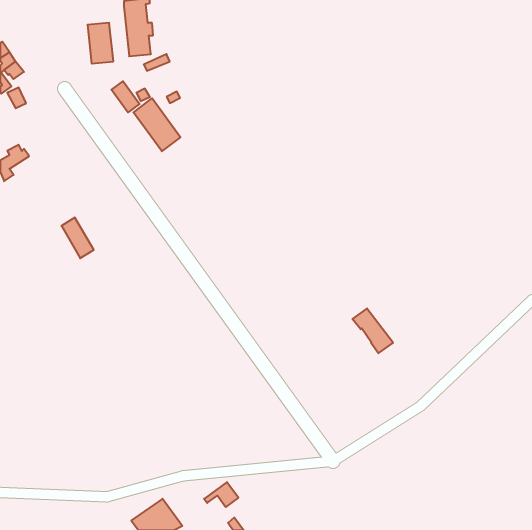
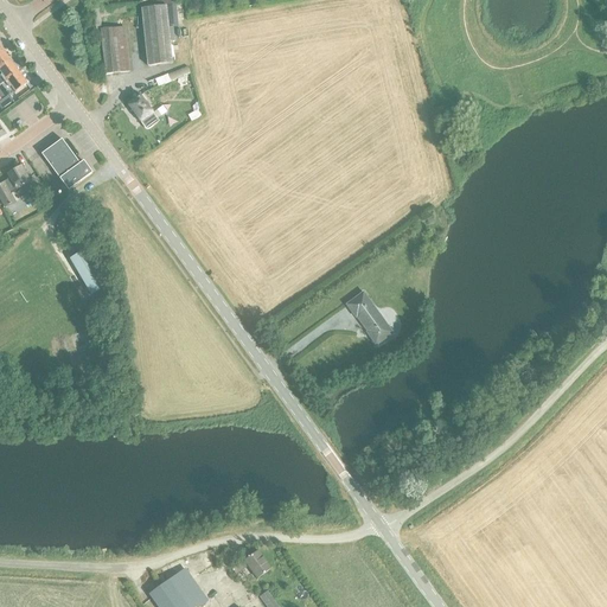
building: [133,98,180,151] -> none
building: none -> [41,138,92,189]
building: [352,308,393,353] -> [346,292,392,343]

